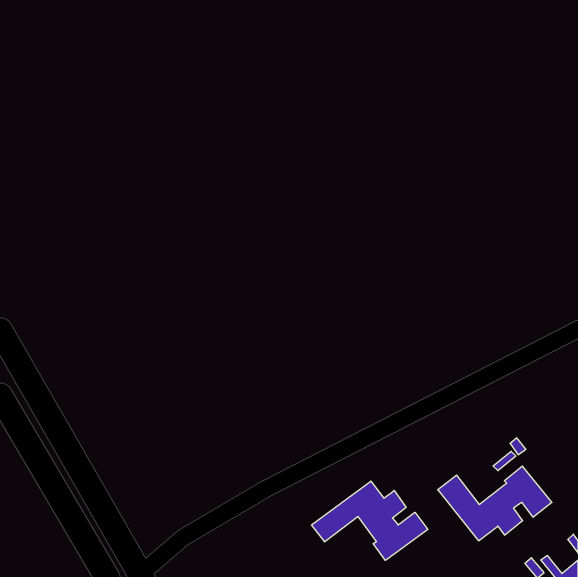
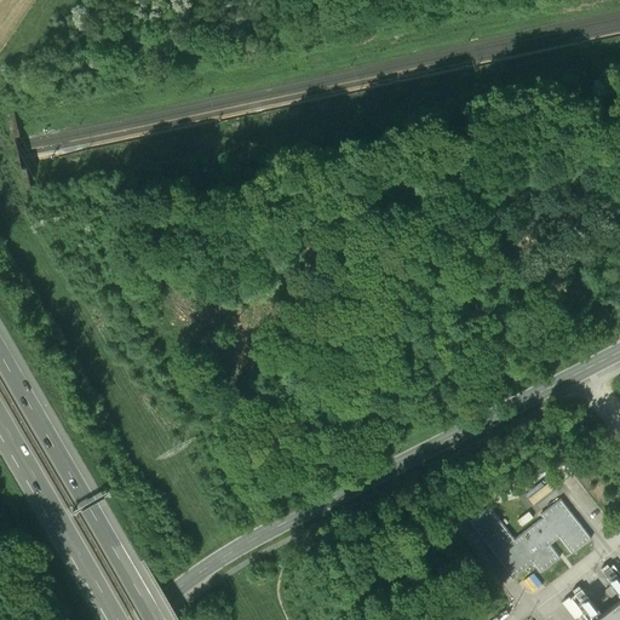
building: [312,481,428,560] -> none

